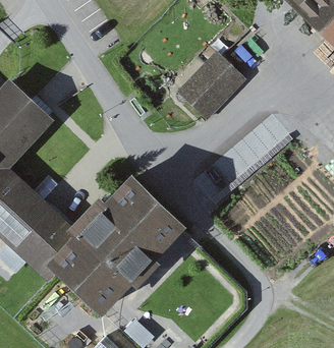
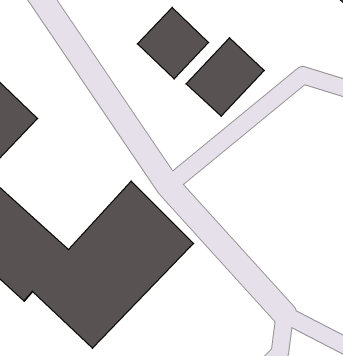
building: none -> [138,7,208,79]

